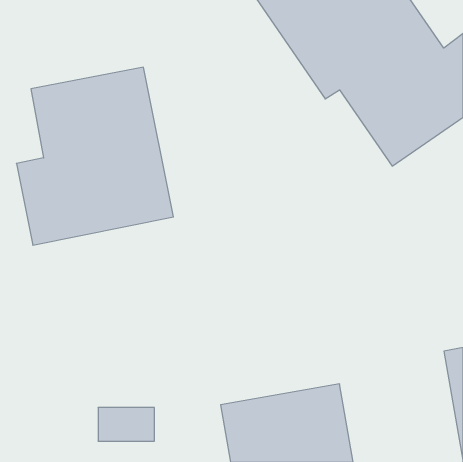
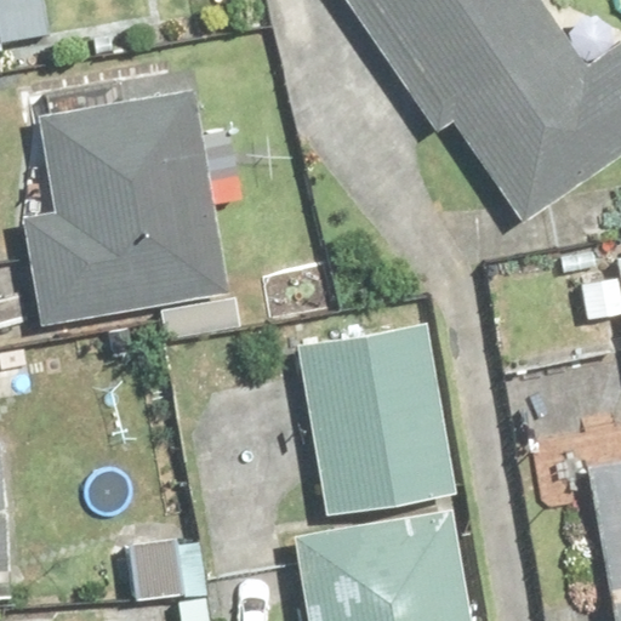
building: none -> [301,327,450,509]

